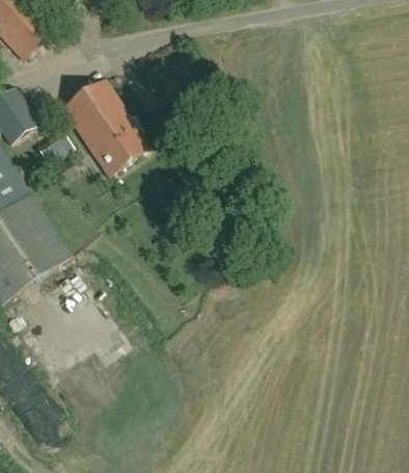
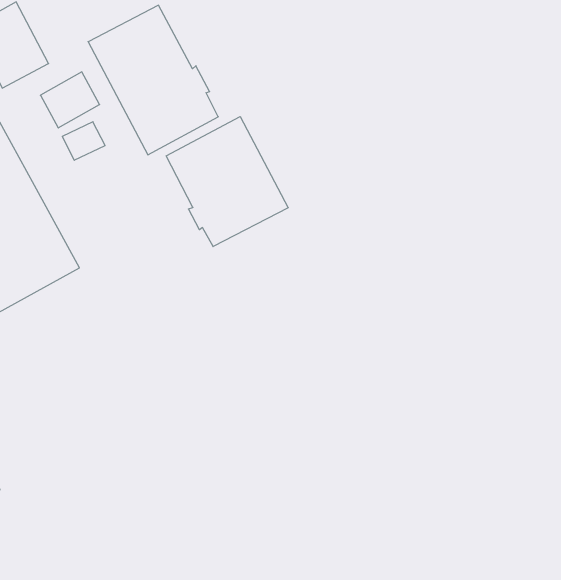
building: none -> [166,117,288,247]

